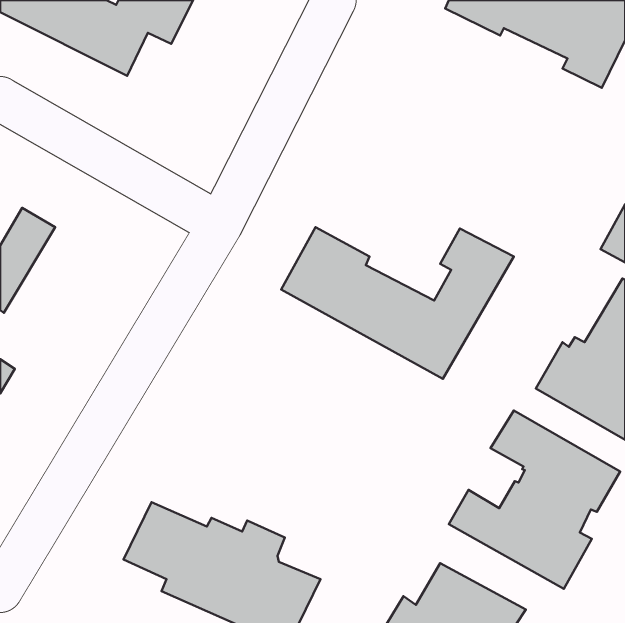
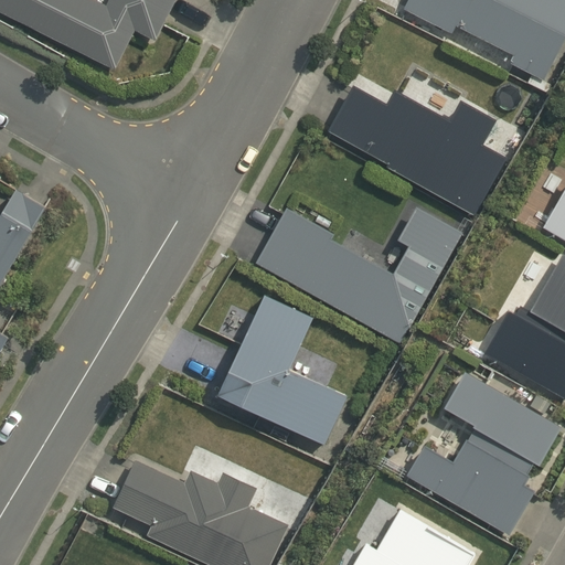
building: none -> [327,85,507,215]
building: none -> [215,295,348,444]

